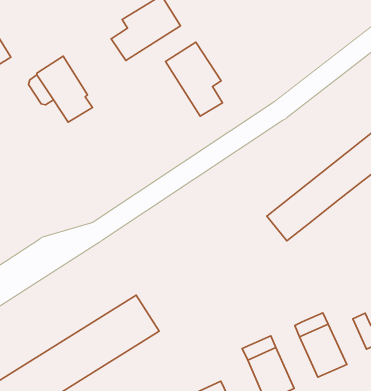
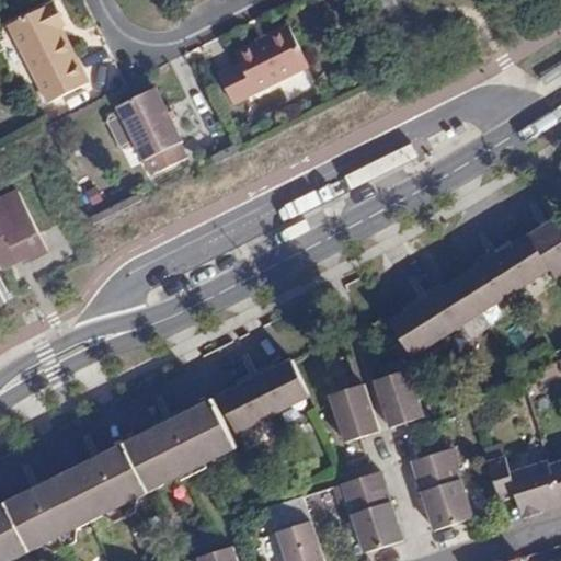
building: [166,42,222,116] -> none
building: none -> [373,370,422,430]
building: none -> [218,362,310,433]
building: none -> [327,385,377,443]

